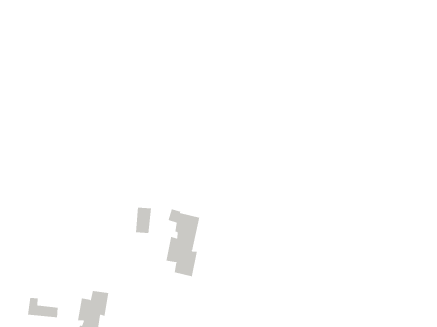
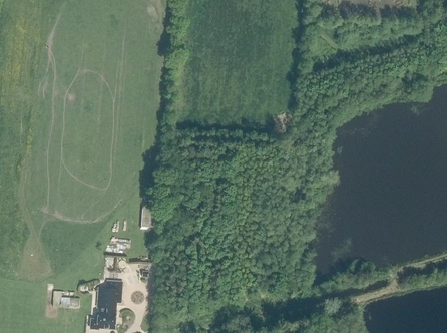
building: [166,208,200,277] -> none

